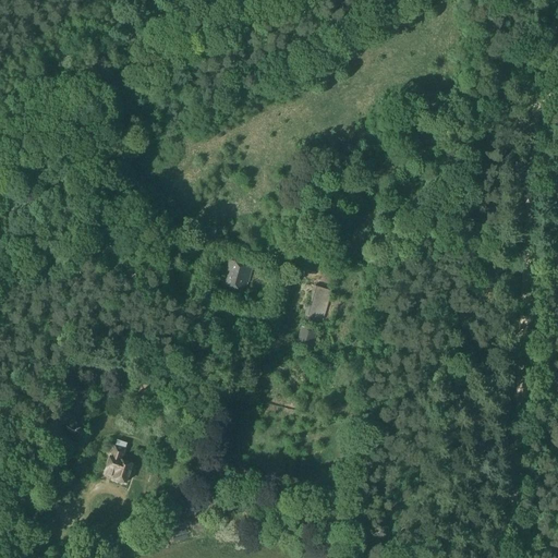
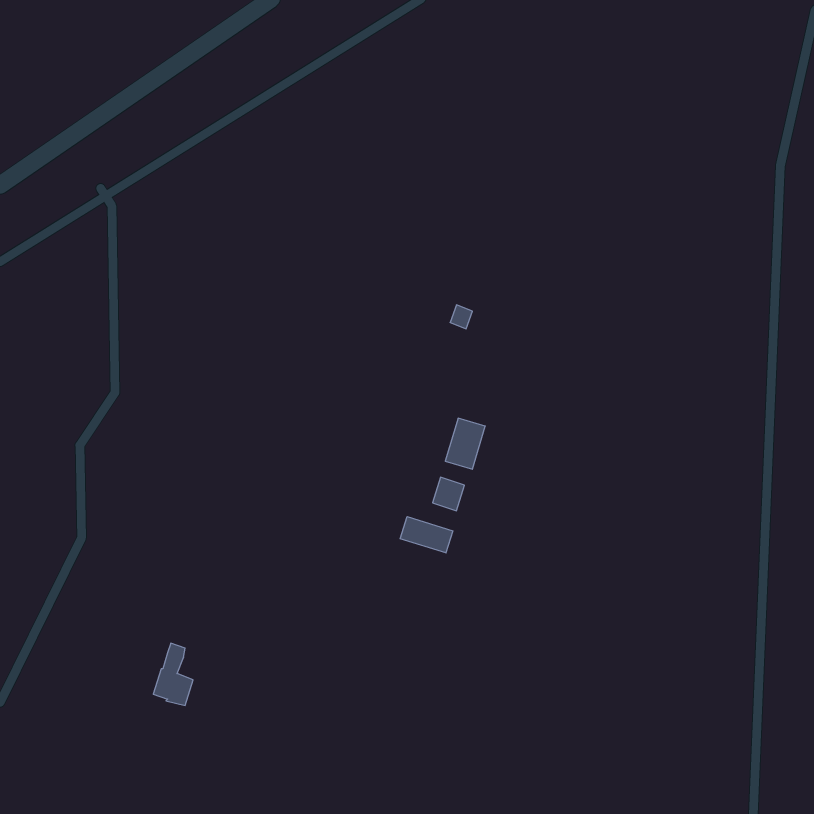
building: [222,260,253,292] -> none
building: none -> [400,517,453,553]

